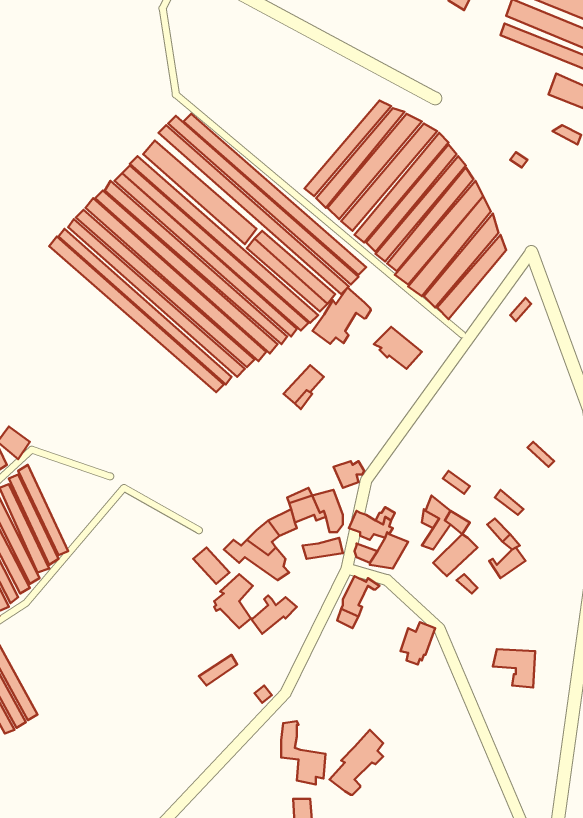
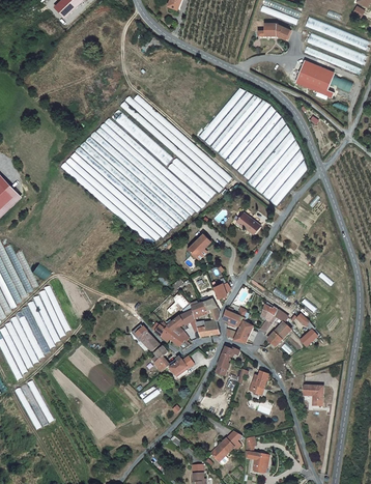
building: none -> [293,63,332,93]
building: [312,288,371,344] -> none
building: [281,721,325,784] -> [246,437,269,472]

